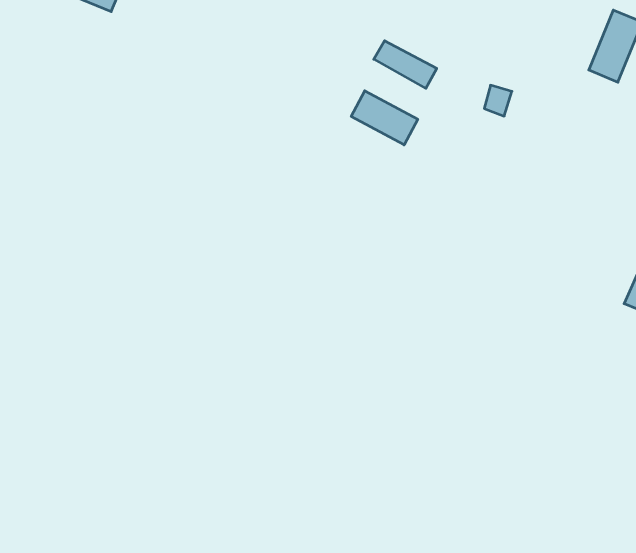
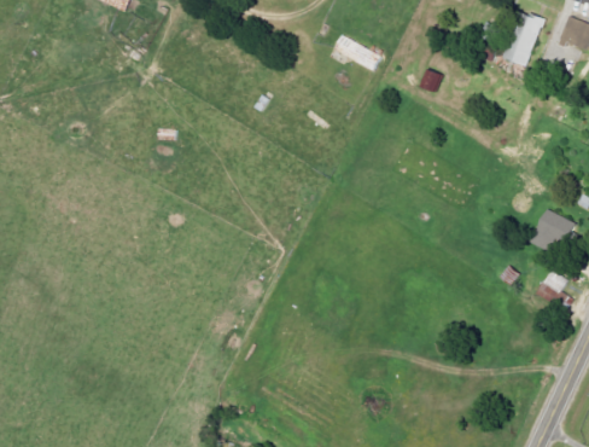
building: [351,91,418,145] -> none

